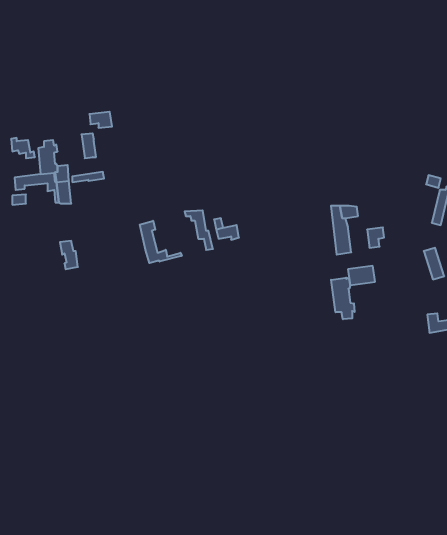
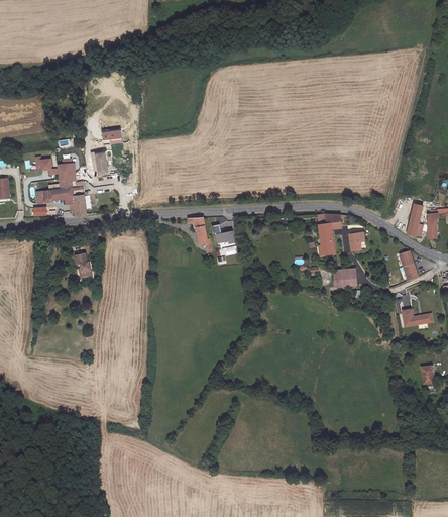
building: [140,221,182,263] -> none
building: [331,278,355,319] -> none

